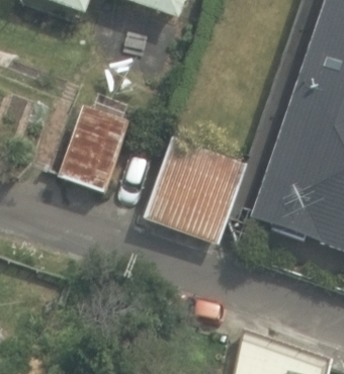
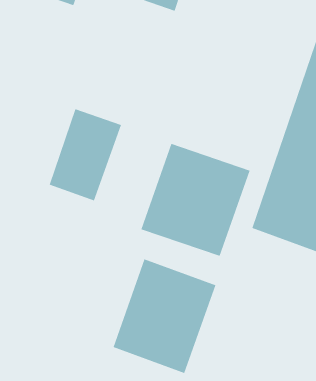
building: none -> [113,258,216,374]

